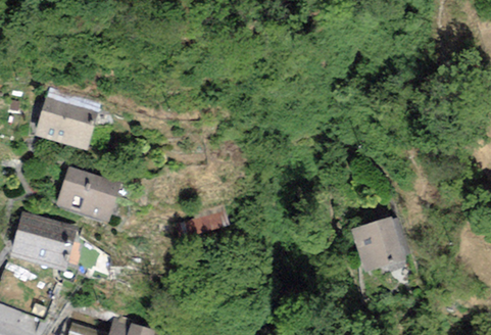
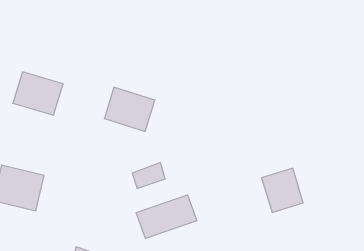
building: [57,164,121,221] -> [104,87,155,131]
building: none -> [136,195,197,239]

